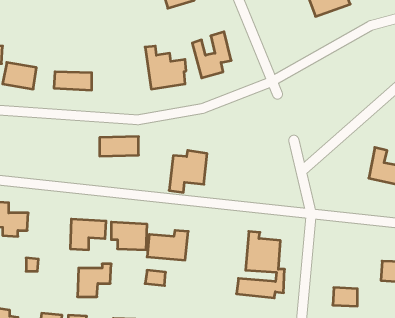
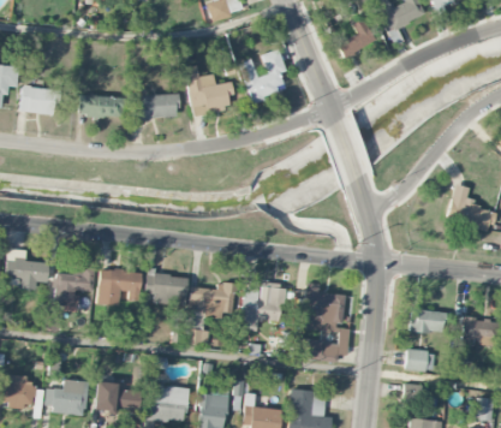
building: none -> [335,19,376,59]
building: [100,137,139,156] -> [133,96,179,119]
building: [169,150,207,192] -> [241,283,286,332]
building: none -> [412,310,445,333]
building: [77,264,111,297] -> [55,268,95,307]

